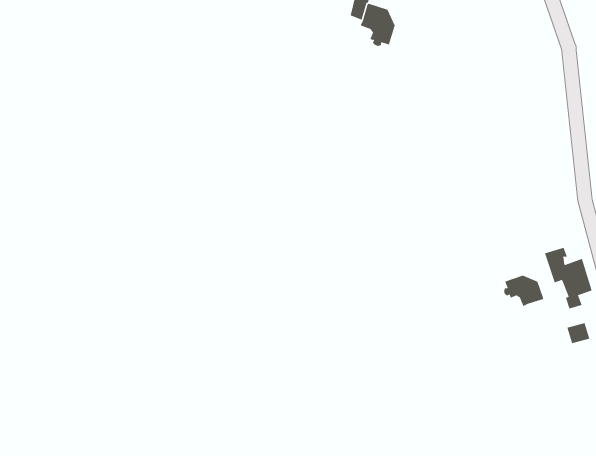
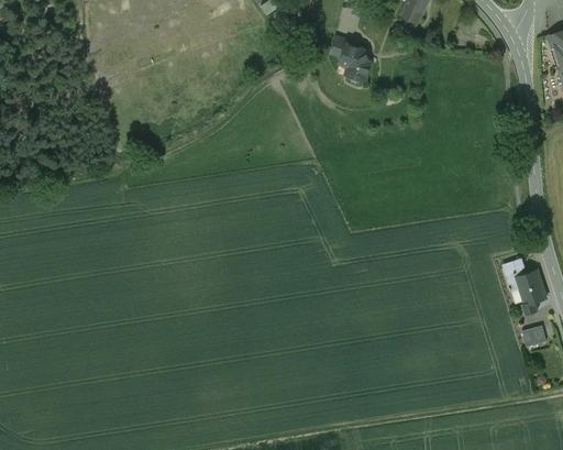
building: [503,275,544,307] -> none

